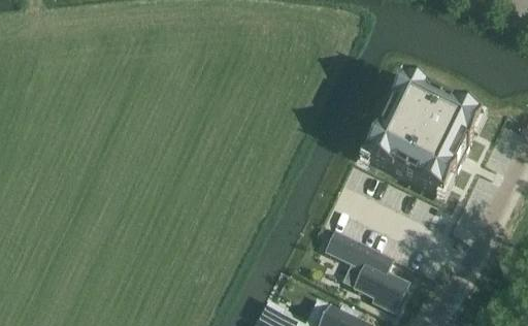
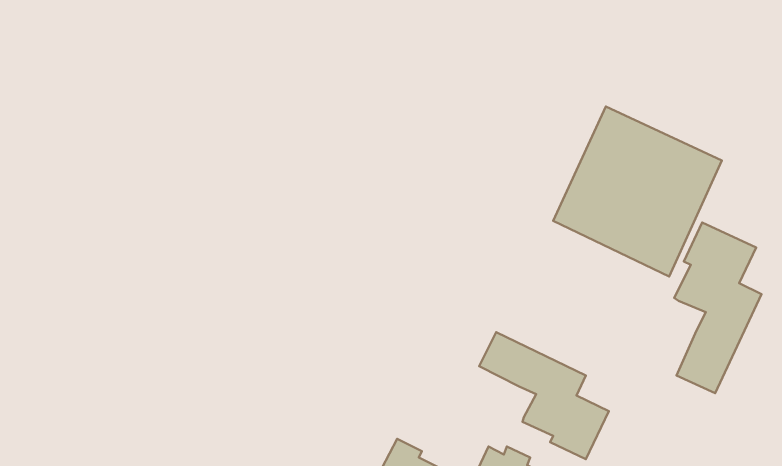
building: none -> [674,222,761,393]

